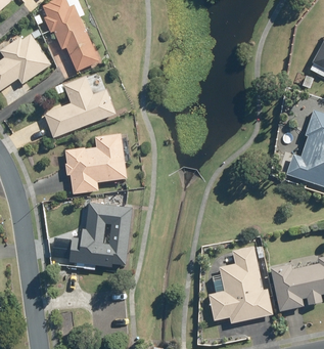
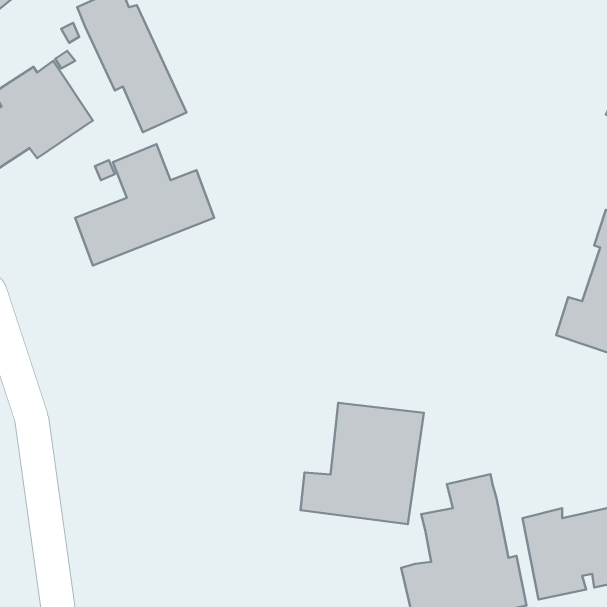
building: [66,132,128,193] -> none
building: [70,202,133,264] -> [301,403,424,524]

